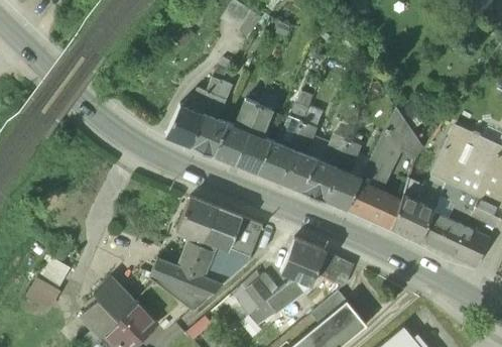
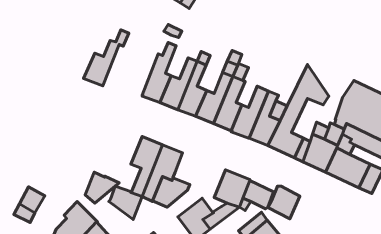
building: [166,76,223,145] -> [83,30,129,86]
building: [229,217,262,256] -> none
building: none -> [268,186,300,219]
building: [179,271,222,310] -> [85,172,119,203]

